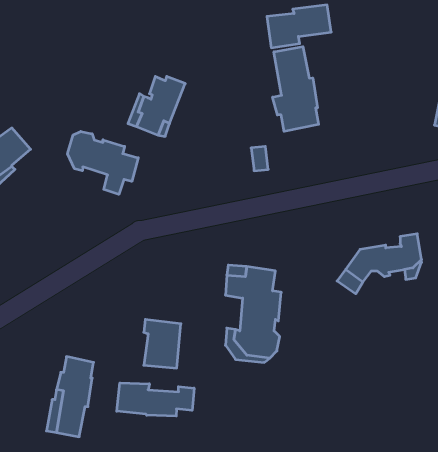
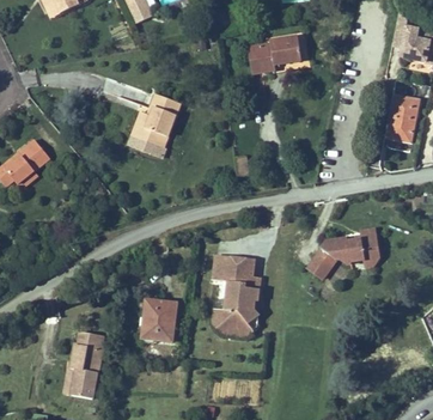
building: [273,47,319,131] -> none
building: [68,131,138,194] -> none
building: [117,383,194,416] -> none

